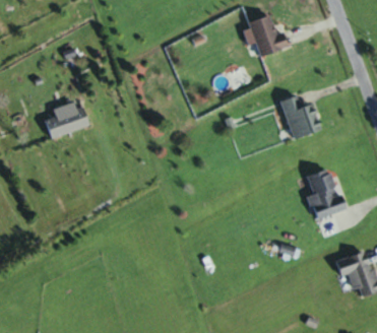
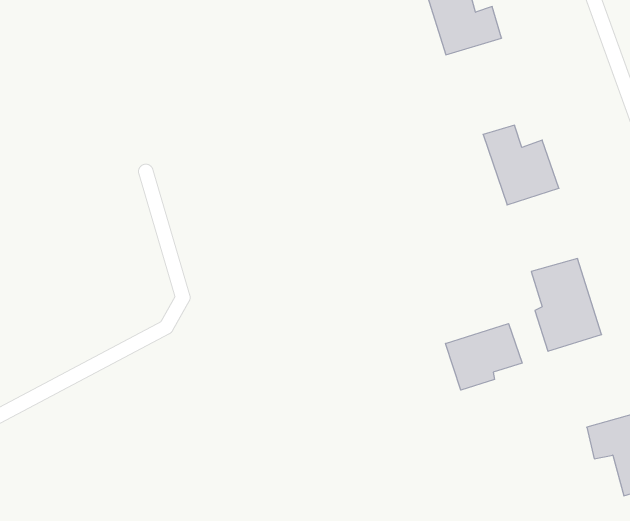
building: [44,103,89,138] -> none
building: none -> [446,324,522,390]

